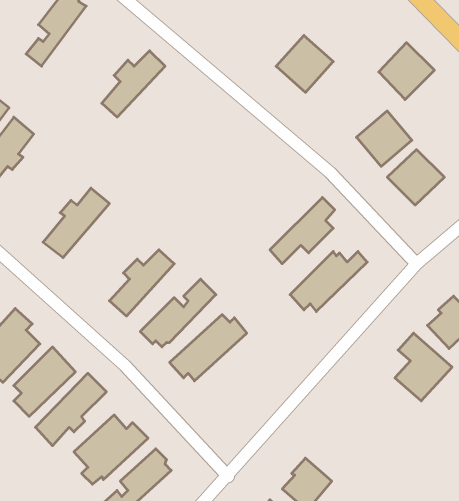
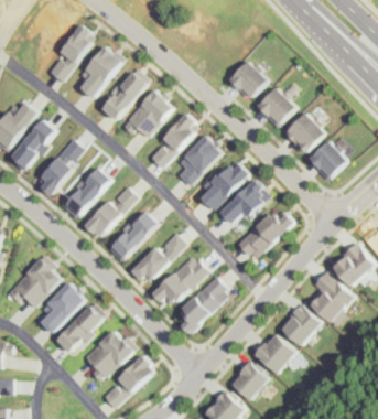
building: none -> [77,47,119,99]
building: [379,43,434,100] -> [256,86,295,127]
building: none -> [121,92,170,137]
building: none -> [149,112,196,166]
building: none -> [177,136,222,185]
building: none -> [39,139,83,194]
building: none -> [201,164,251,212]
building: none -> [83,187,134,237]
building: none -> [177,275,228,333]
building: none -> [283,304,320,342]
building: none -> [256,336,293,373]

